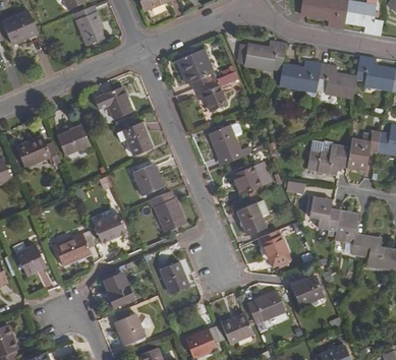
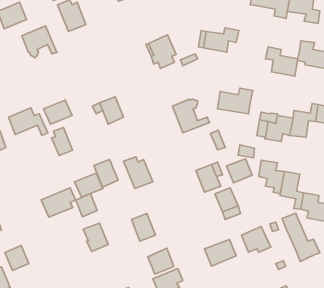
building: none -> [22,26,57,58]
building: [280,60,322,91] -> [218,88,253,114]
building: [202,84,226,112] -> none
building: [93,86,131,119] -> none
building: none -> [52,127,73,156]
building: [133,161,162,193] -> [94,160,118,187]
building: [231,166,262,194] -> [227,159,252,183]
building: none -> [76,194,97,217]
building: [13,245,42,275] -> [5,246,29,271]
building: none -> [282,213,320,261]
building: [221,312,251,343] -> [148,248,174,274]
building: [115,313,144,344] -> none

